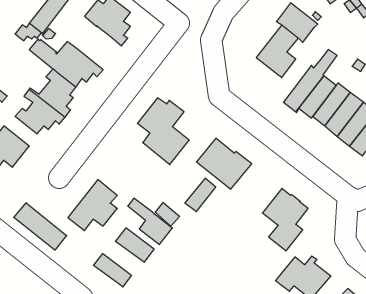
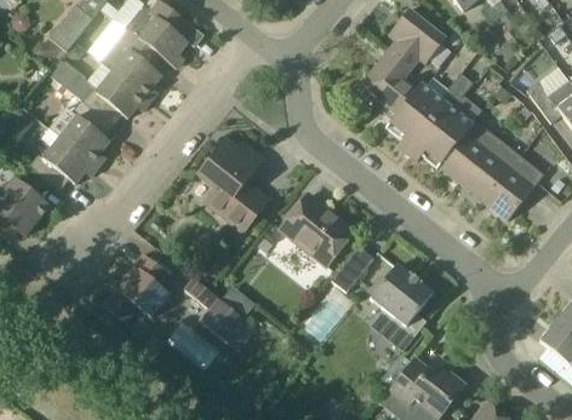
building: none -> [99,27,161,100]
building: none -> [385,82,437,145]
building: [185,178,216,212] -> [331,246,373,292]
building: [14,203,67,250] -> none
building: [93,254,131,287] -> none

